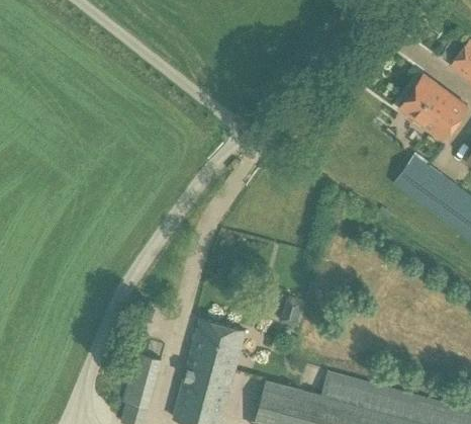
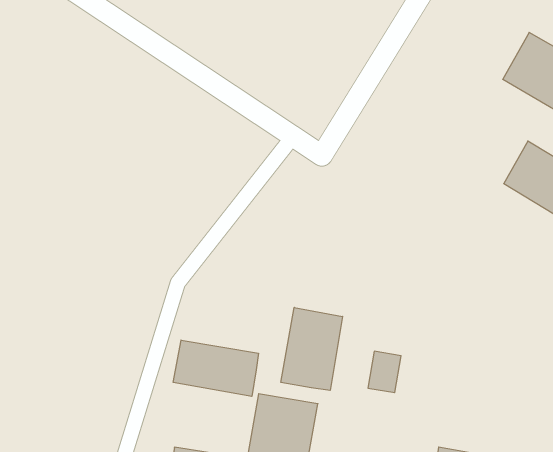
building: none -> [281,307,343,390]
building: none -> [173,340,258,396]

